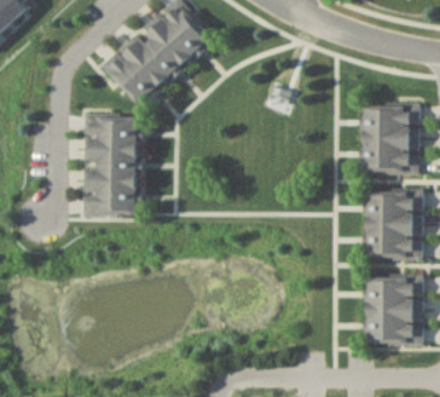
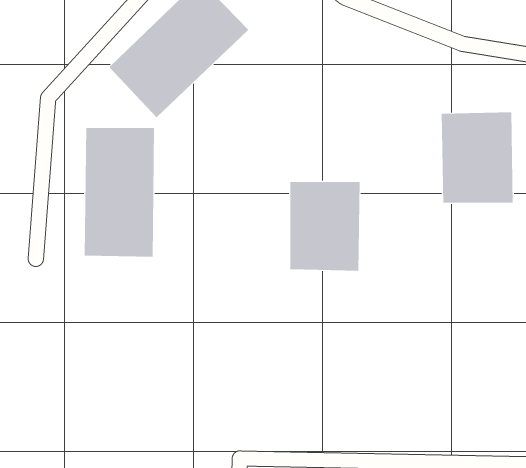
building: [366,189,422,259] -> [290,181,361,271]
building: [365,275,421,344] -> none

